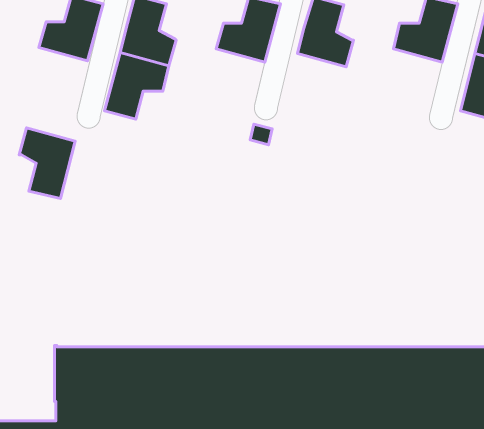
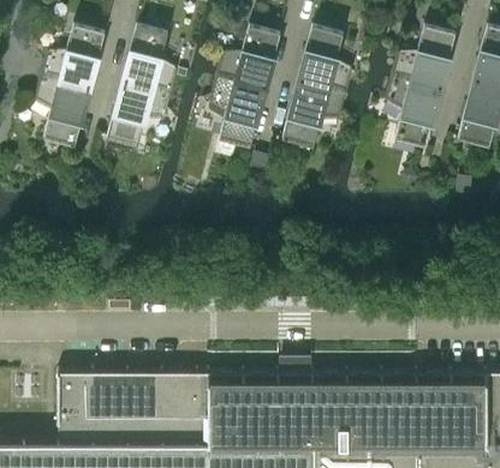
building: none -> [209,79,264,149]
building: none -> [385,79,440,149]
building: none -> [281,84,345,149]
building: [19,128,75,198] -> [34,78,89,148]

